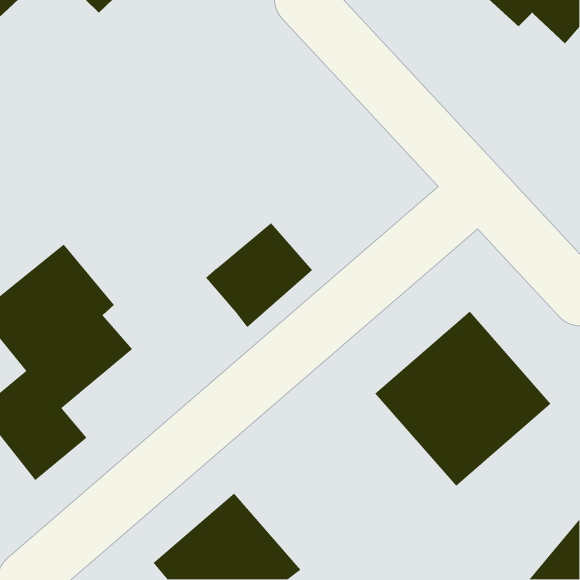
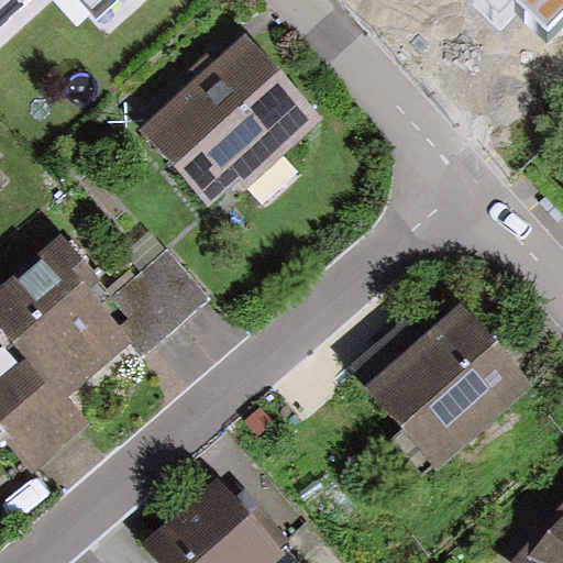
building: none -> [139,37,317,212]
building: [205,222,313,328] -> [100,251,205,353]

